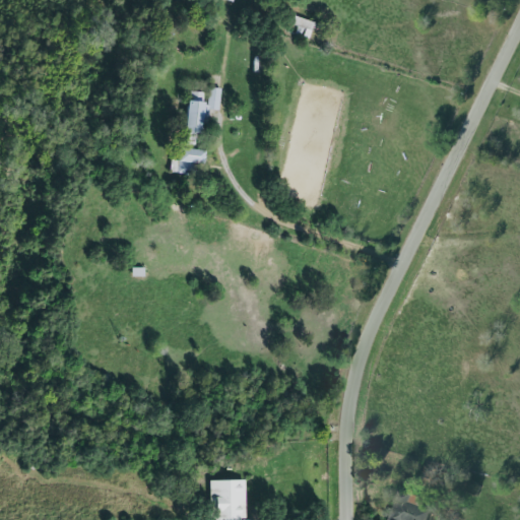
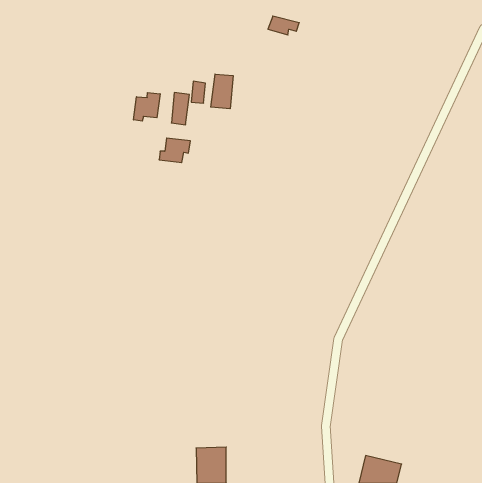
building: none -> [211,74,233,109]
building: none -> [134,93,160,121]

